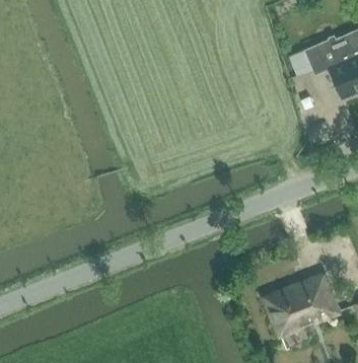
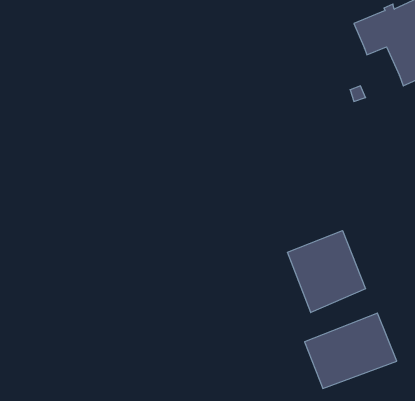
building: none -> [287,231,365,313]

